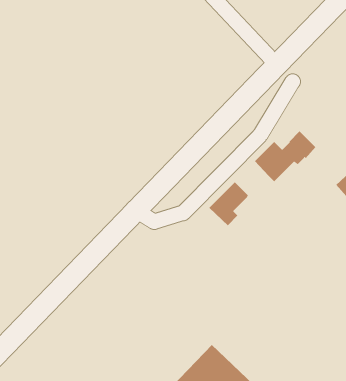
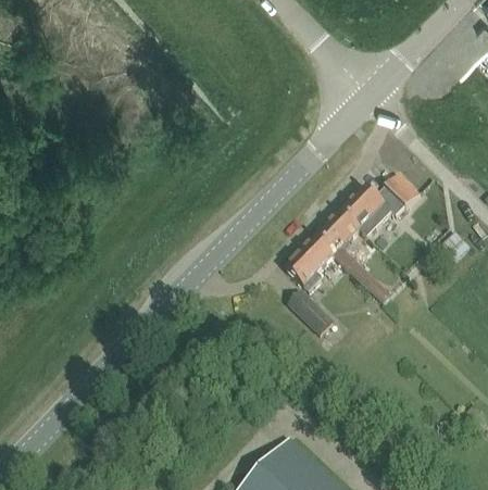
building: none -> [318,211,393,304]
building: none -> [287,289,335,336]

